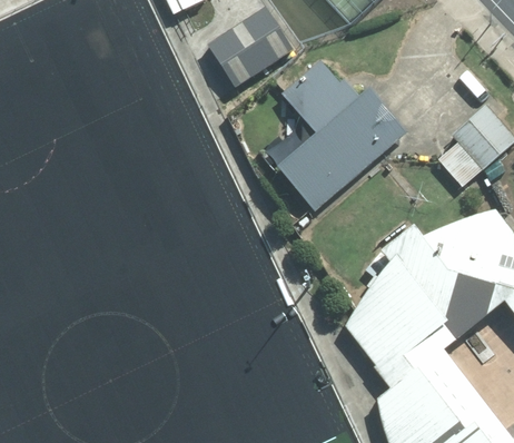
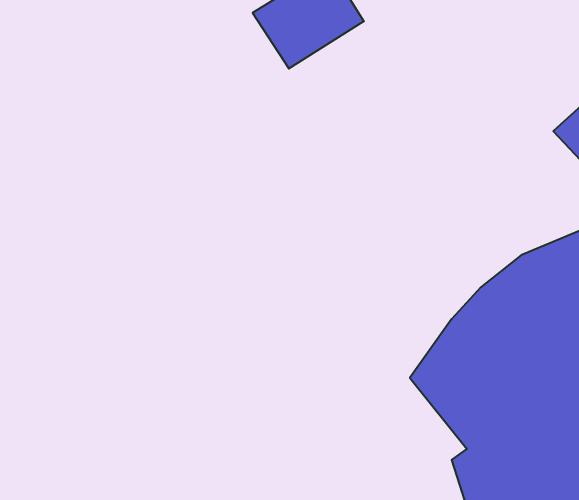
building: [274,53,408,214] -> none

